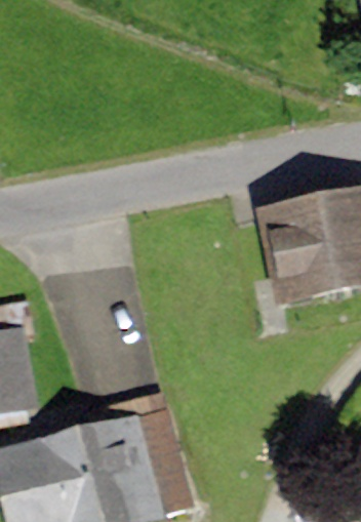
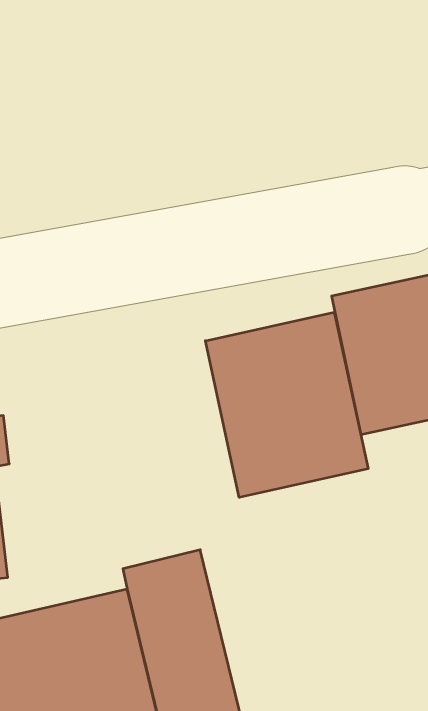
building: none -> [205,312,368,497]

